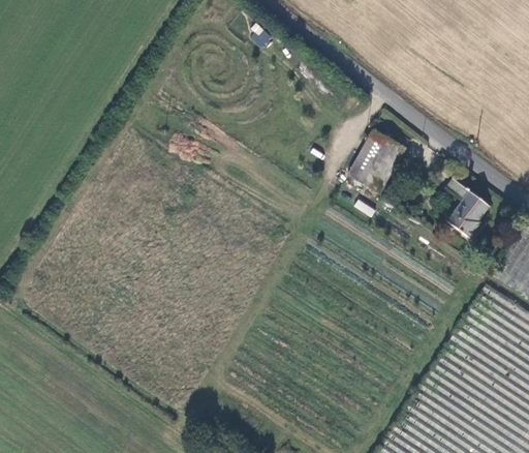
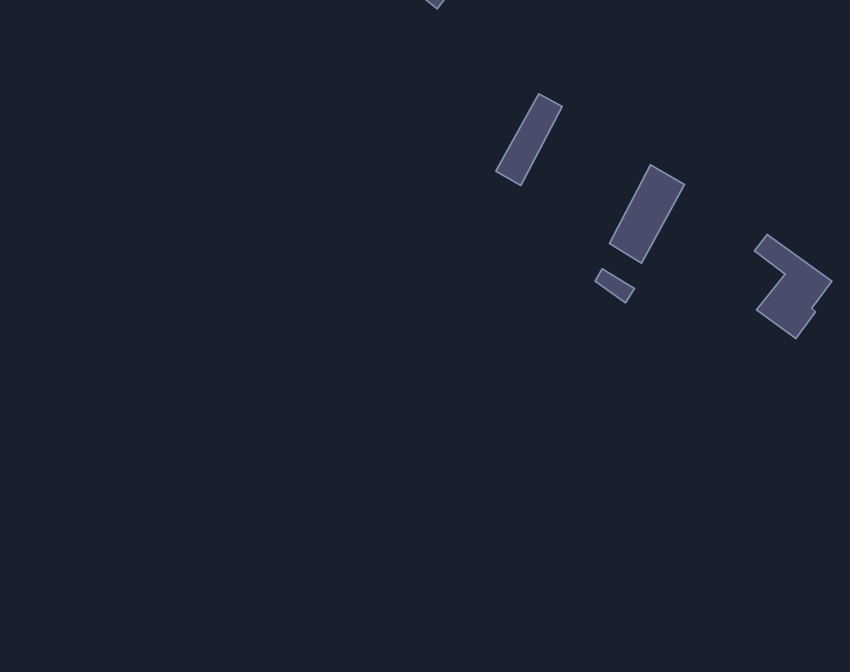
building: [346,129,384,182] -> [496,94,562,185]

